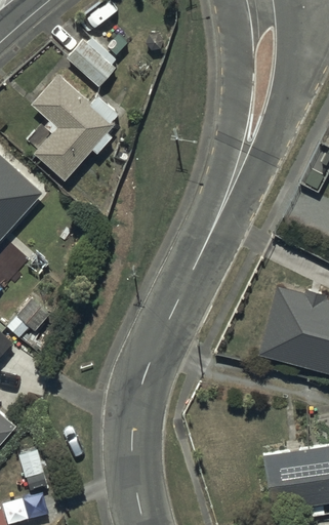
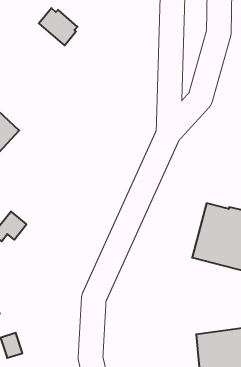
building: [31,74,118,179] -> none

